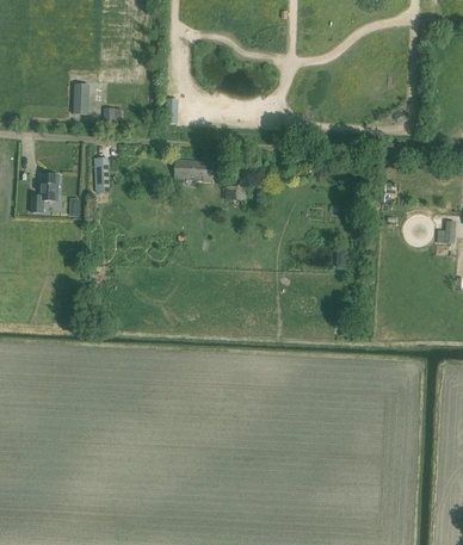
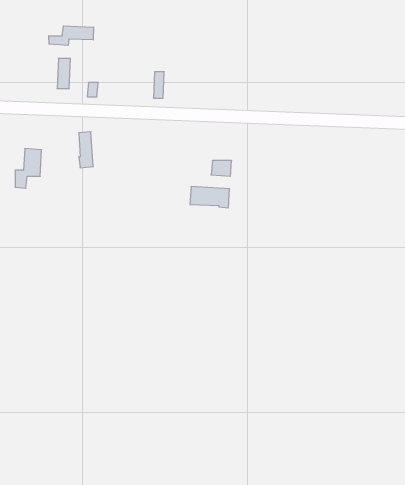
building: none -> [49,26,93,45]
building: [174,159,214,180] -> [190,186,230,208]

